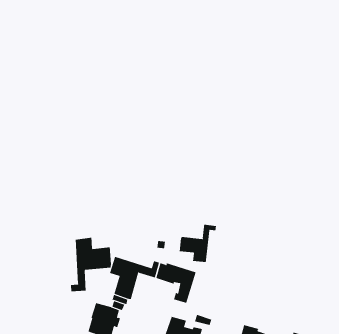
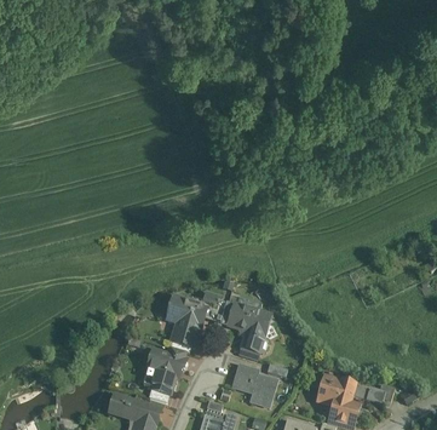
building: [179,224,216,263] -> none
building: [70,237,112,292] -> none

